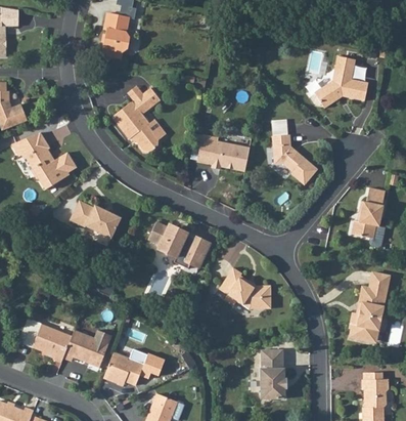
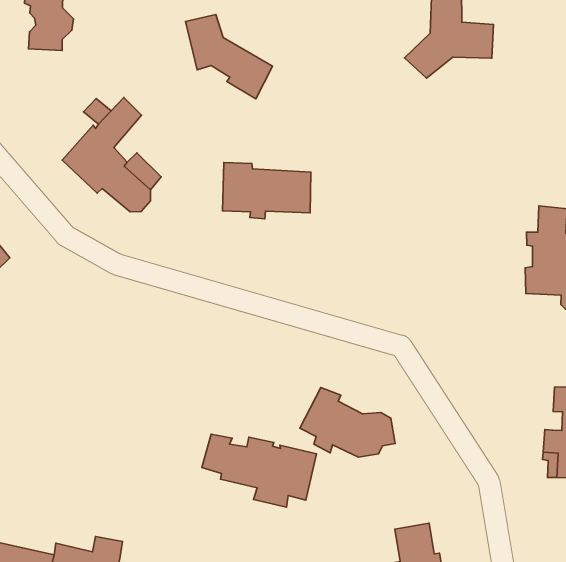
building: [272,135,316,185] -> [185,15,273,99]
building: [70,202,121,238] -> none
building: [146,225,211,272] -> [202,434,316,507]

